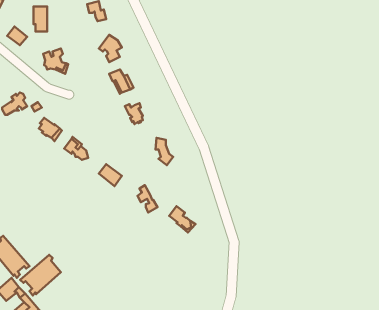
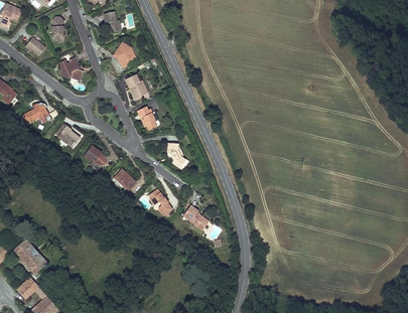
building: [20,255,61,295] -> none

